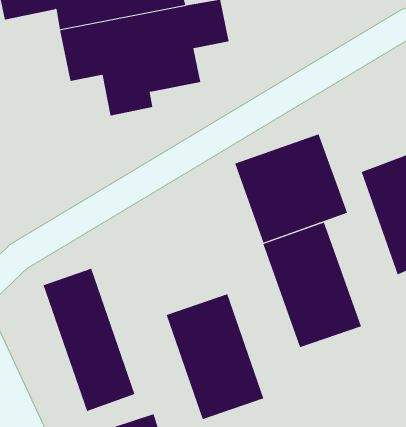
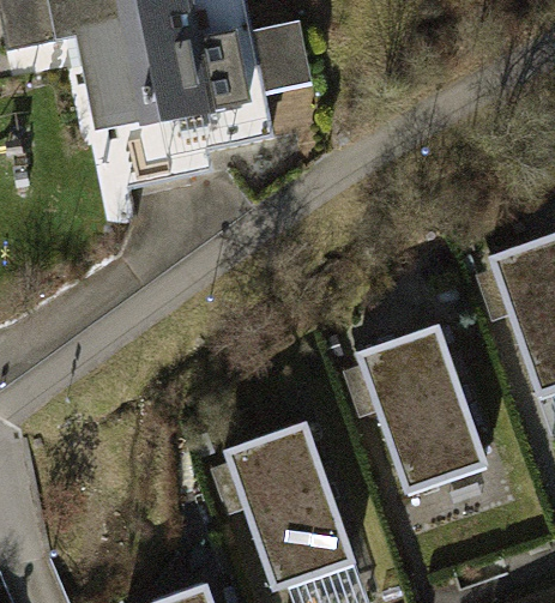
building: [234,133,348,244] -> none
building: [43,268,135,412] -> none

